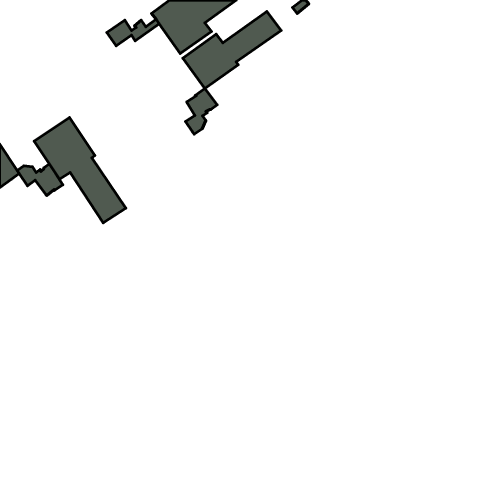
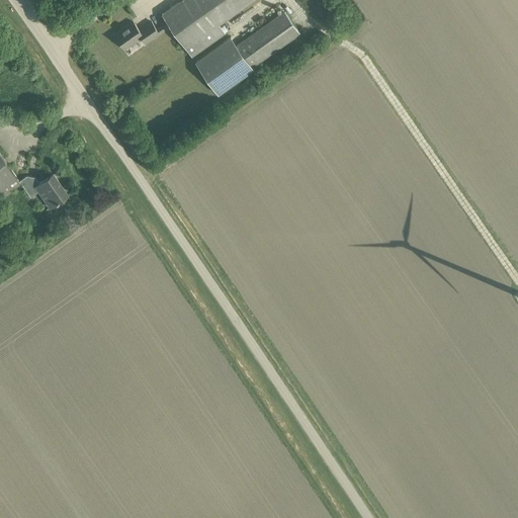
building: [186,89,217,134] -> none
building: [34,118,126,223] -> none

